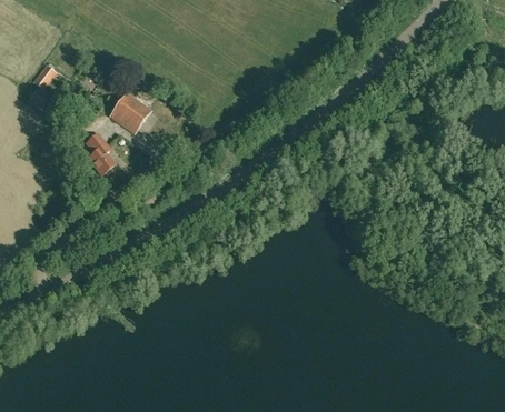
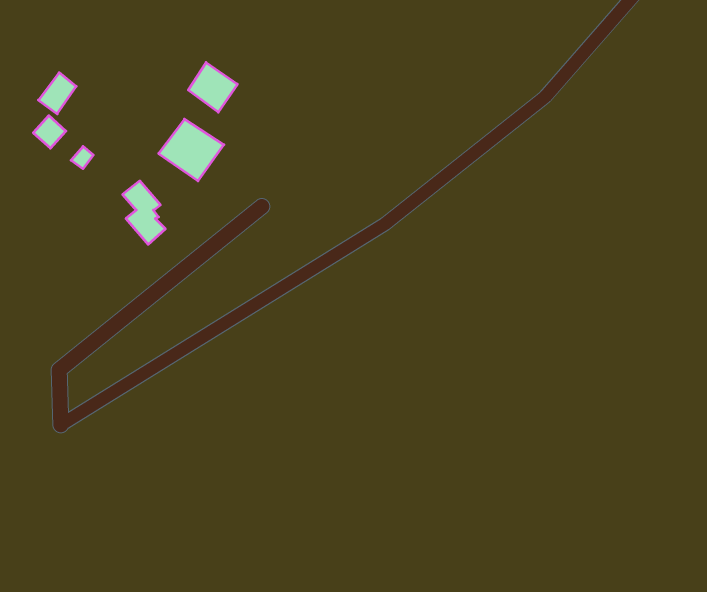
building: none -> [188,62,237,112]

